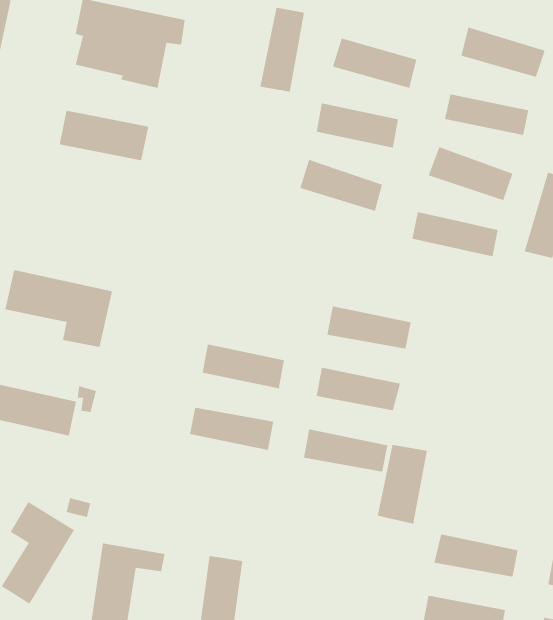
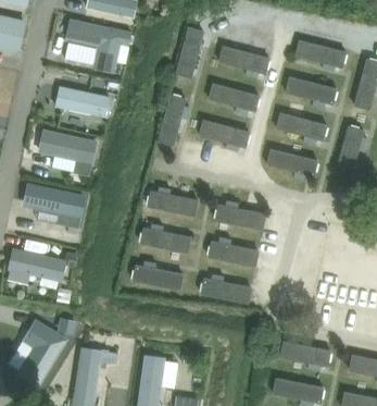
building: none -> [158,93,185,145]
building: none -> [38,132,96,177]
building: none -> [147,190,198,218]
building: [377,444,427,524] -> none

